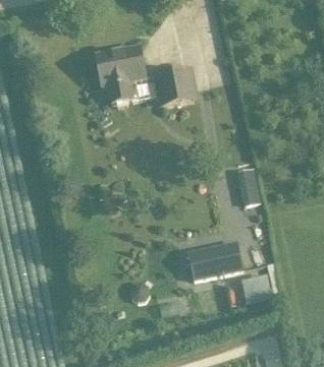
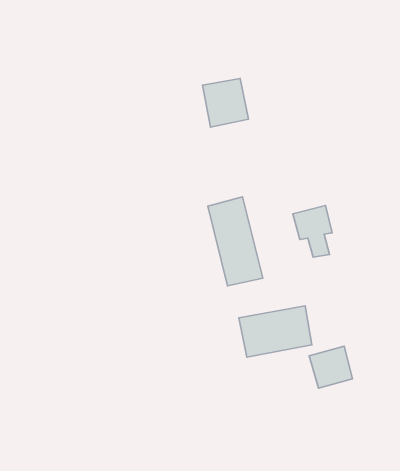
building: [96,48,146,105] -> none
building: none -> [208,197,263,286]

